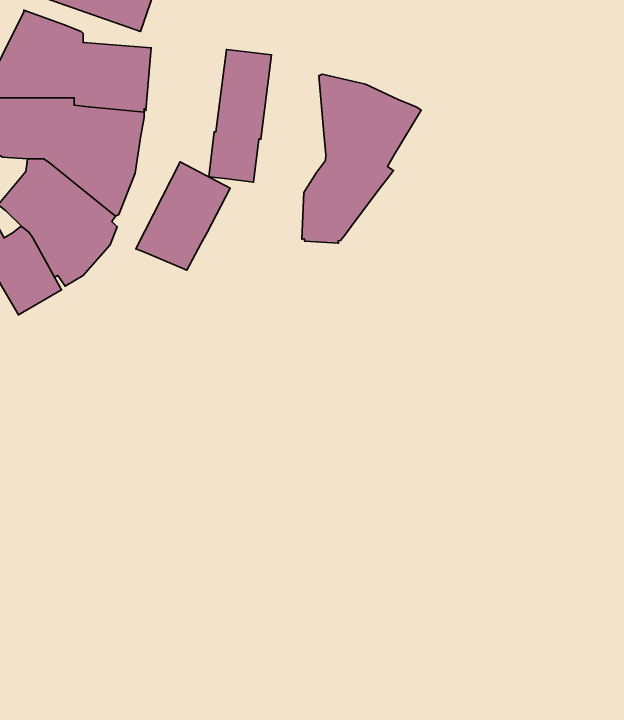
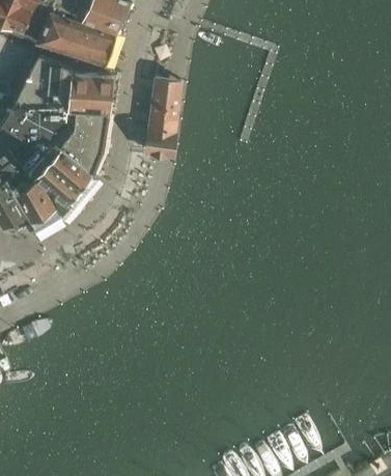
building: [302,74,421,243] -> none
building: [136,162,230,270] -> none

